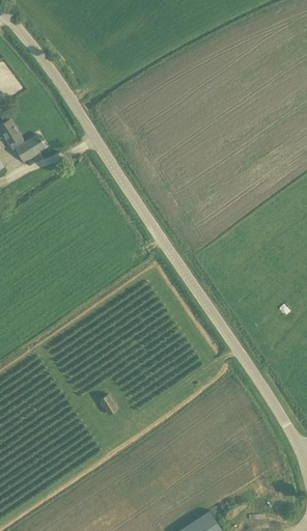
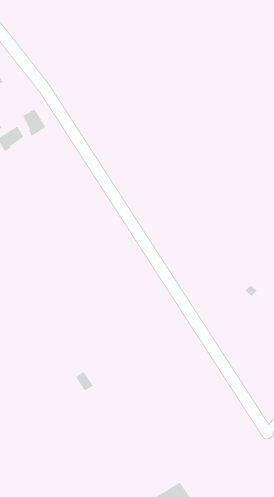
building: none -> [22,108,46,137]

